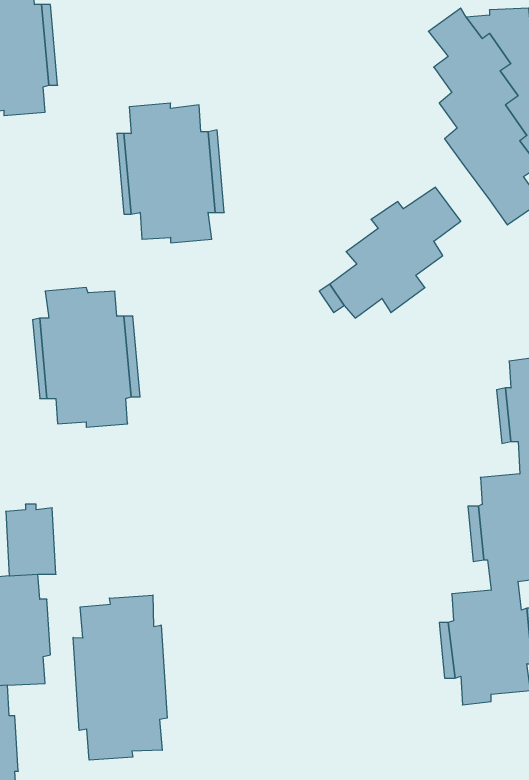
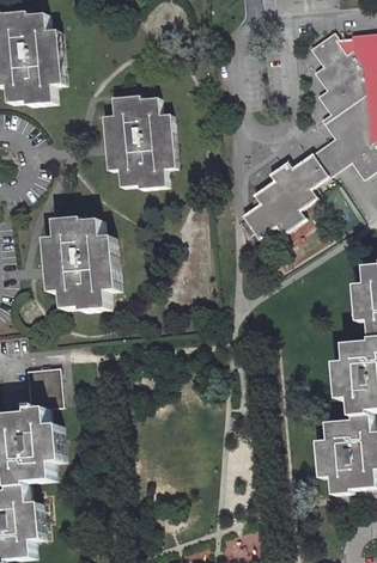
building: none -> [314,136,349,173]
building: [73,595,167,760] -> none

